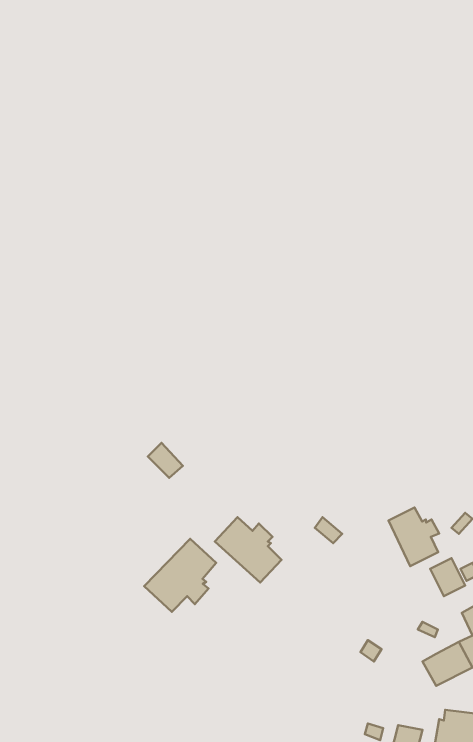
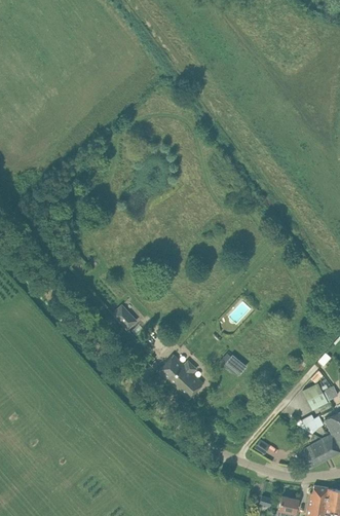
building: [389,507,439,566] -> none
building: [144,539,216,612] -> none

